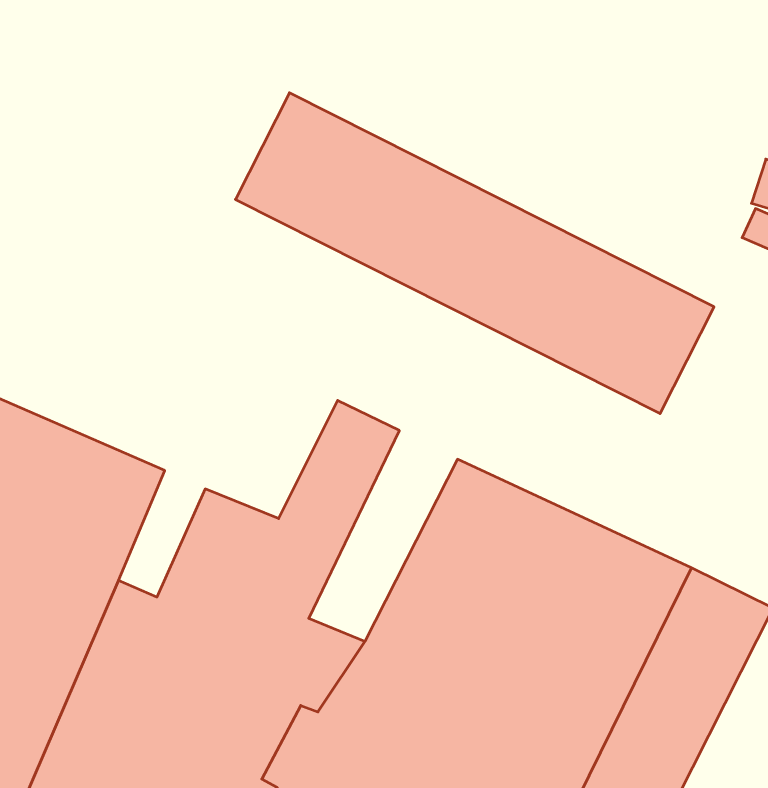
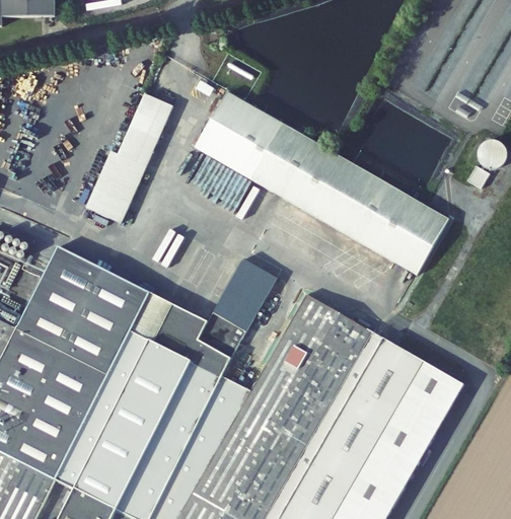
building: none -> [85,94,172,223]
building: none -> [120,292,169,360]

